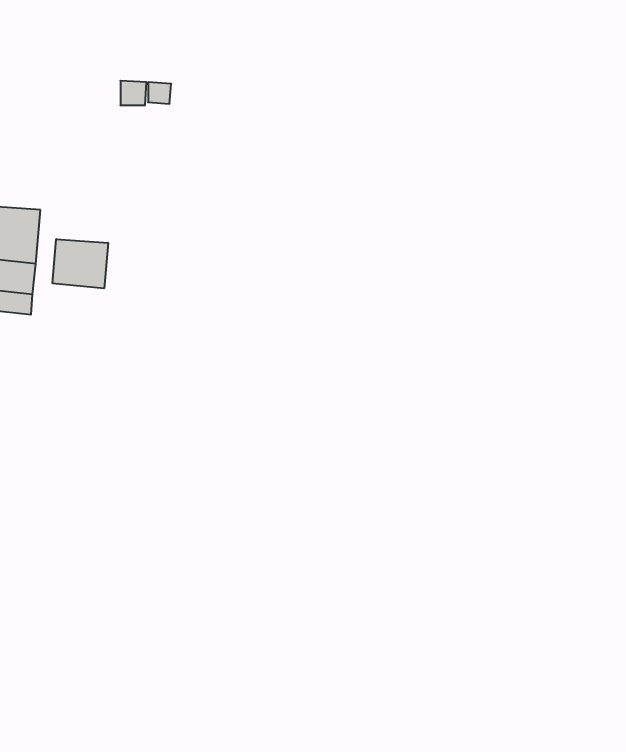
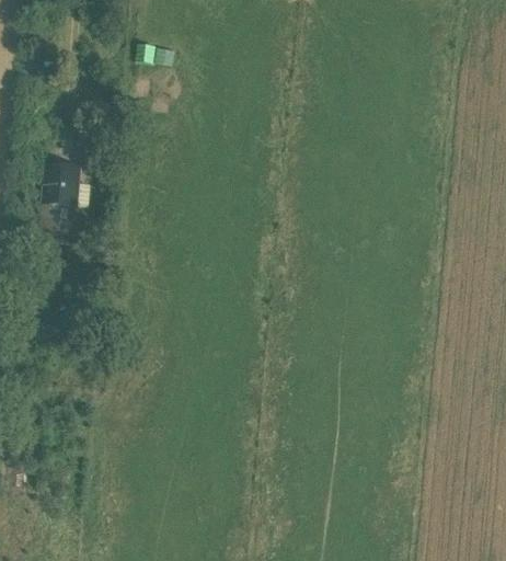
building: [53,239,108,288] -> none

